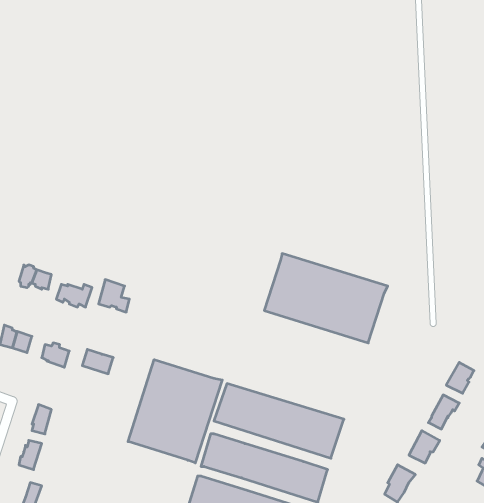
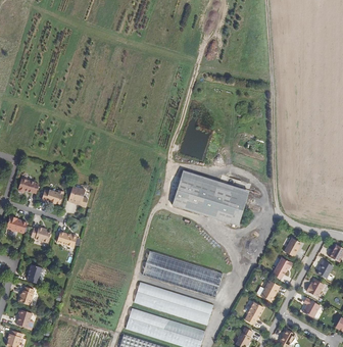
building: [128,360,222,463] -> none

